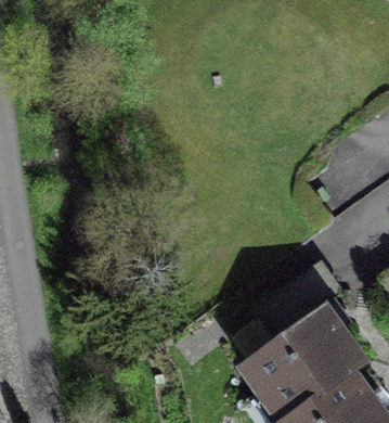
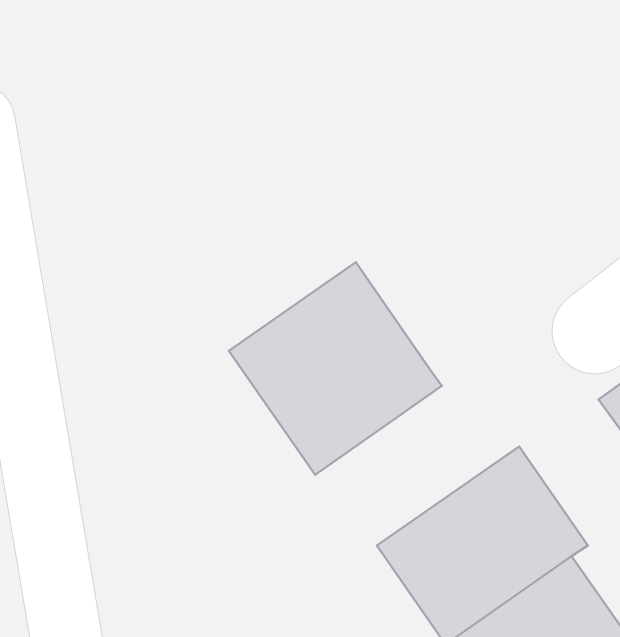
building: none -> [229,262,442,475]

